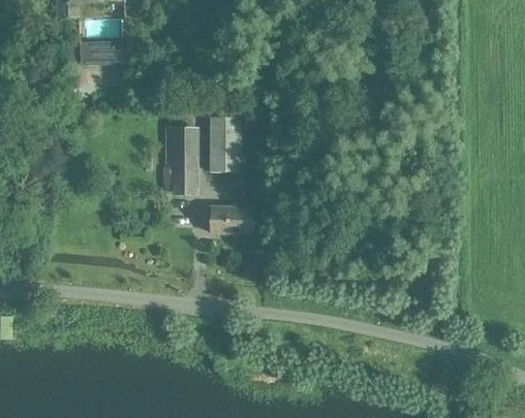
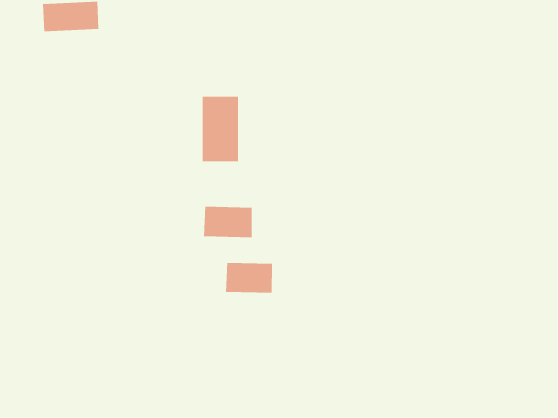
building: [162,128,197,195] -> none
building: none -> [225,262,273,294]

